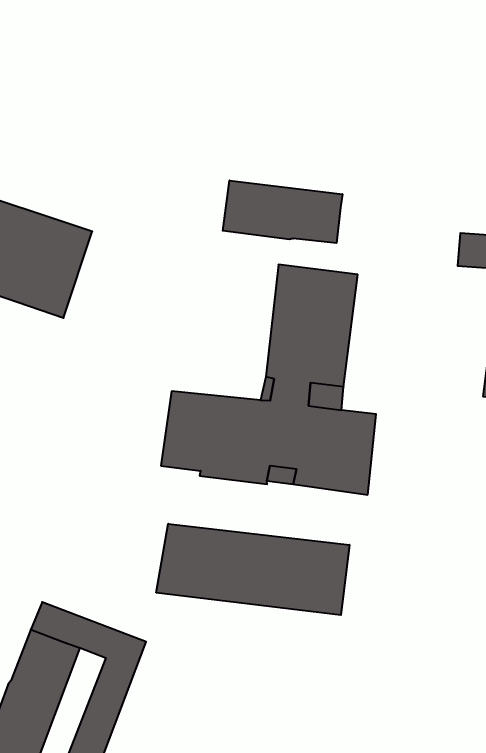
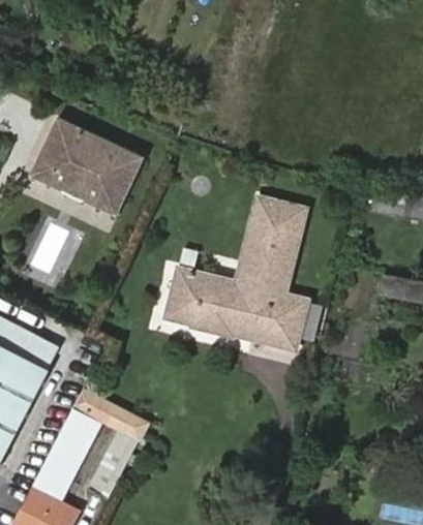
building: [223,180,342,243] -> none
building: [156,524,349,615] -> none

